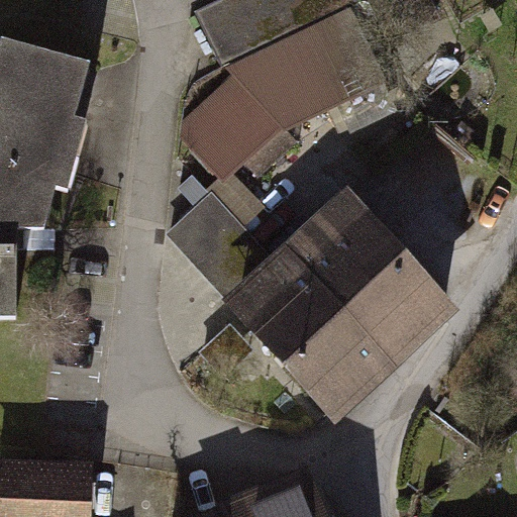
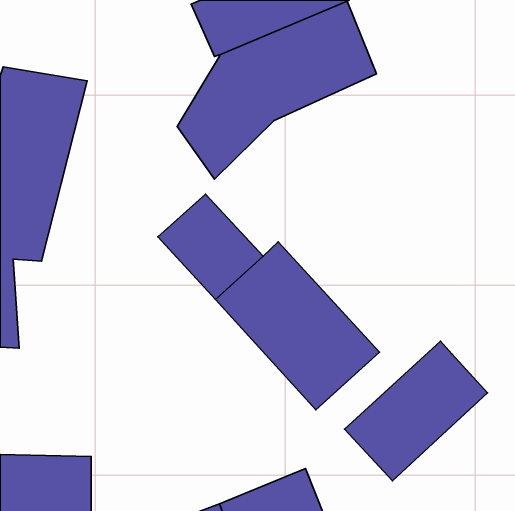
building: [280,186,448,357] -> none
building: none -> [344,341,487,481]

